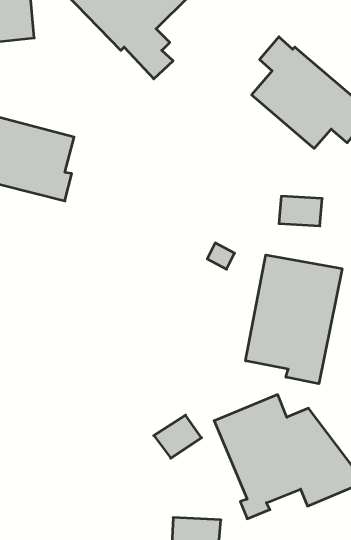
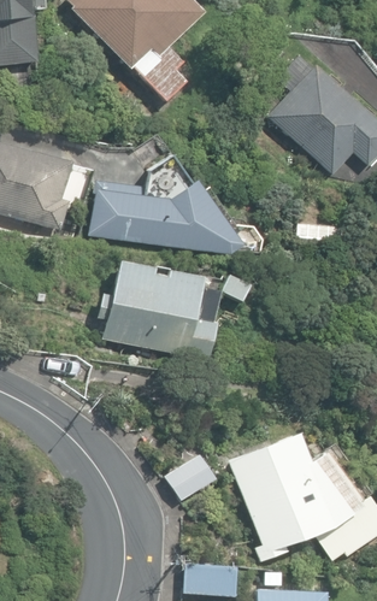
building: none -> [90,153,245,252]
building: none -> [98,259,217,360]
building: [246,255,342,384] -> none

